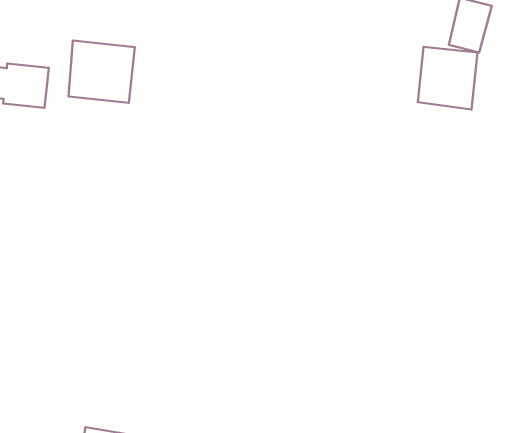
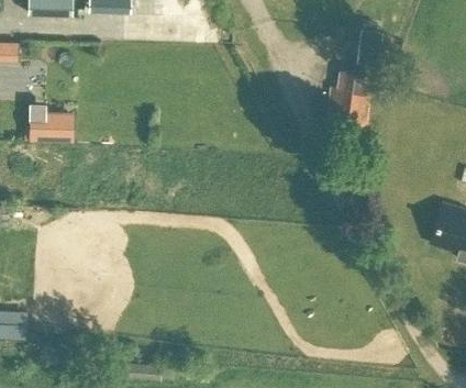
building: [69,40,135,103] -> none

